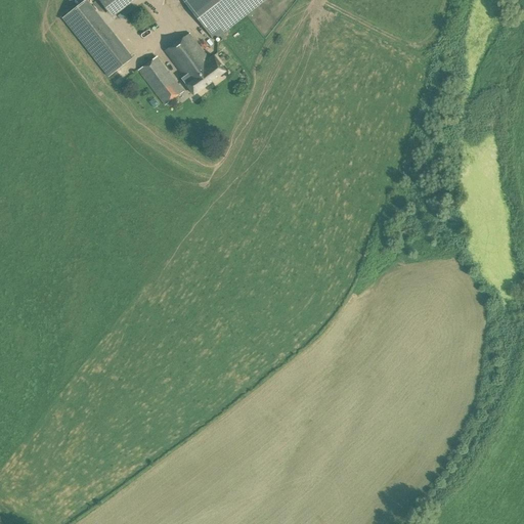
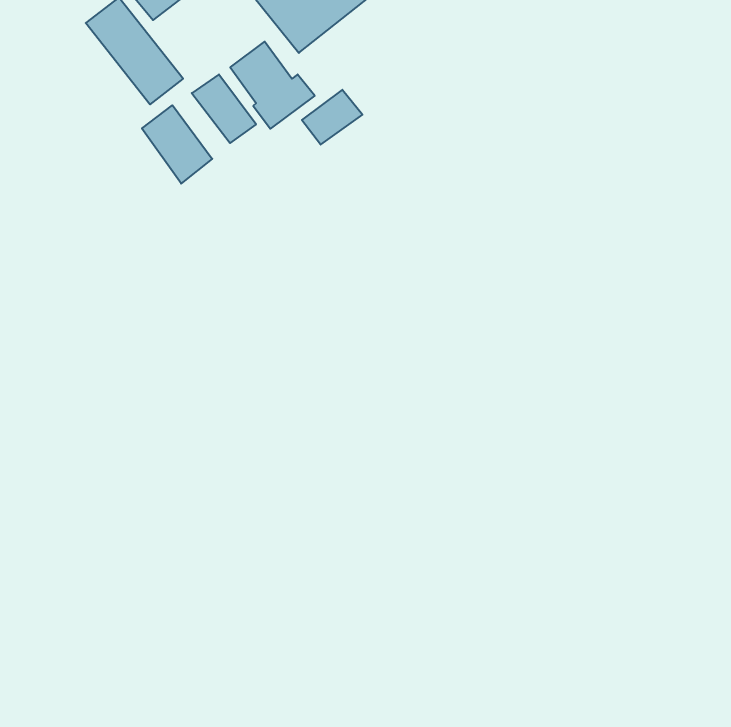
building: none -> [302,90,362,145]
building: none -> [142,105,212,184]

